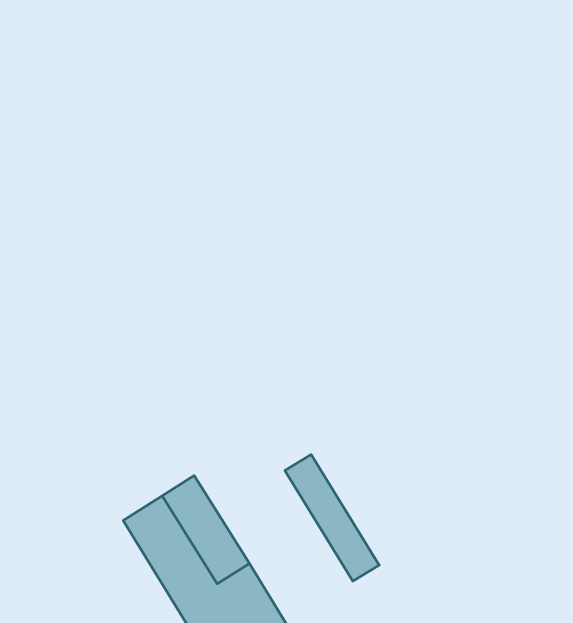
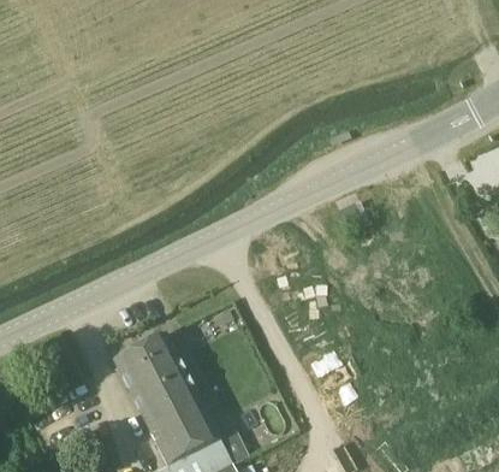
building: [285,455,379,581] -> none

